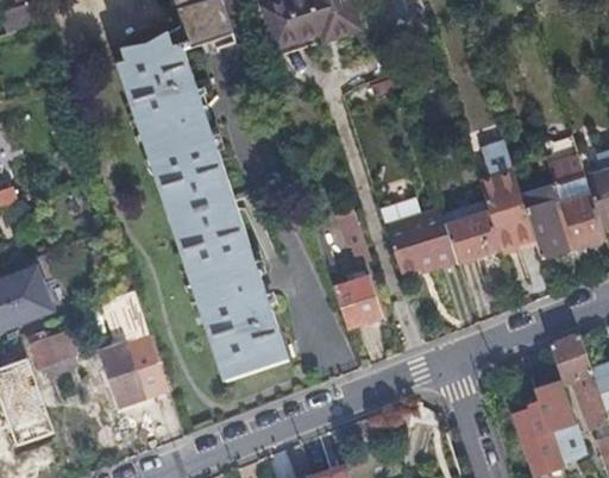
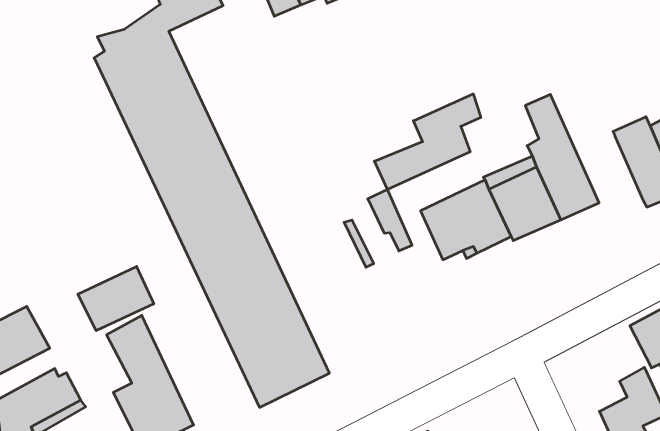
building: none -> [374,94,481,190]
building: [521,185,573,259] -> none
building: none -> [78,266,154,331]
building: [334,275,381,329] -> none

